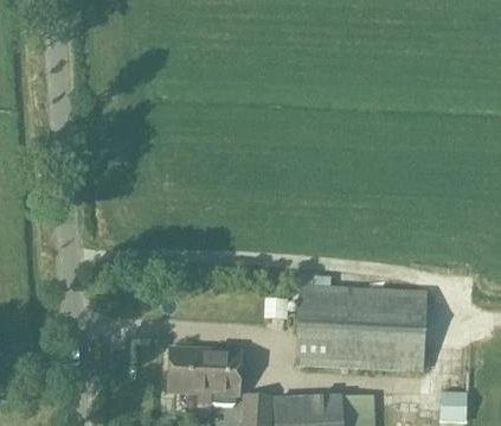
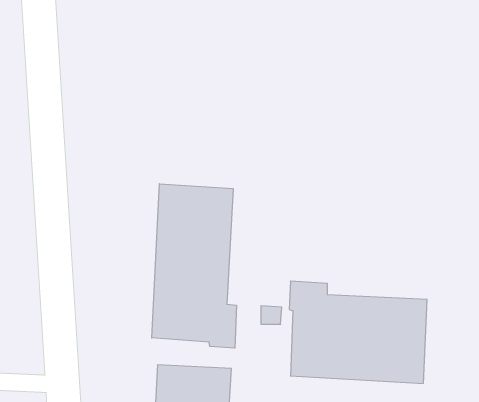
building: none -> [152,184,237,348]

